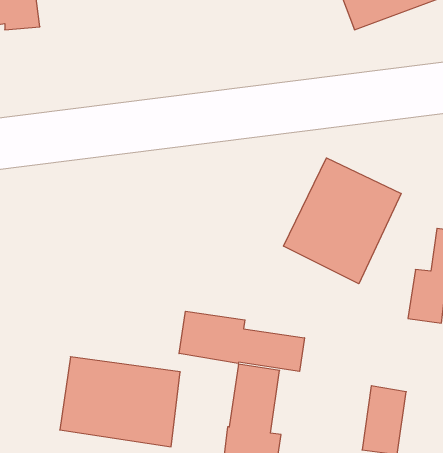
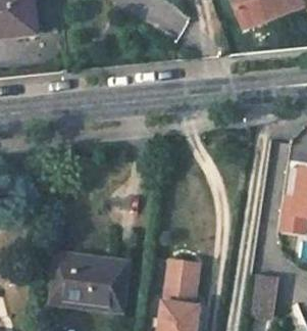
building: [284,158,401,284] -> none
building: [179,311,304,371] -> none

